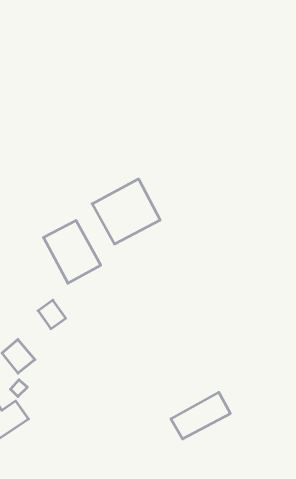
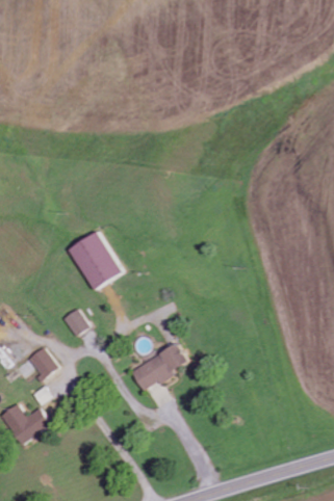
building: [92,179,160,244] -> none
building: [171,392,230,439] -> [131,344,189,390]

